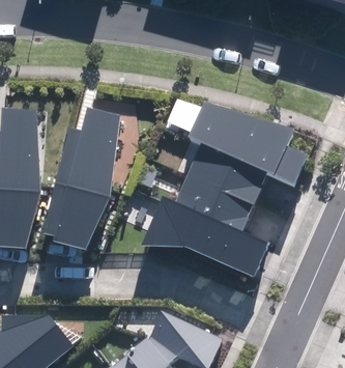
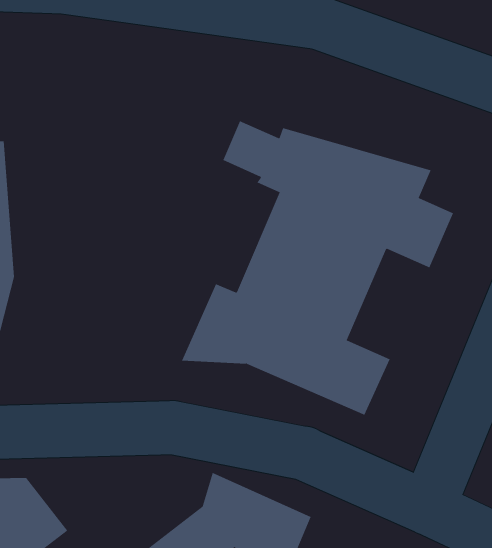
building: [42,108,120,250] -> none

